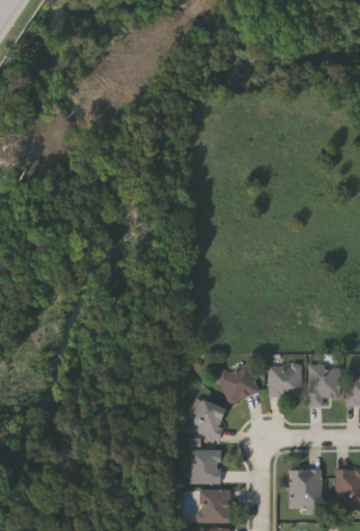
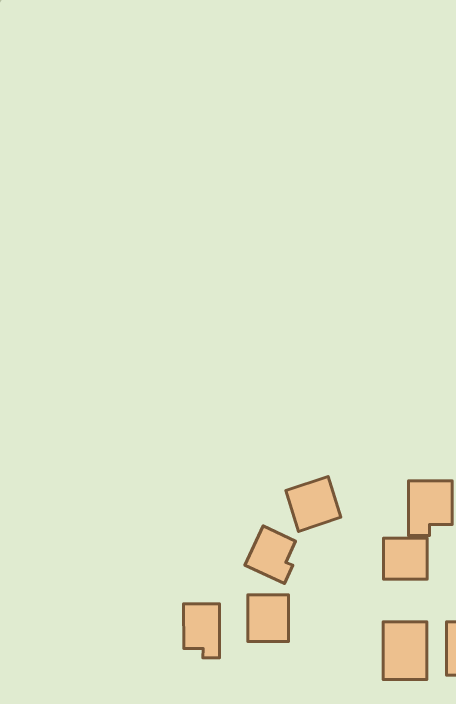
building: [269,365,301,395] -> [383,538,427,579]
building: none -> [183,604,220,658]
building: [198,490,229,522] -> none

